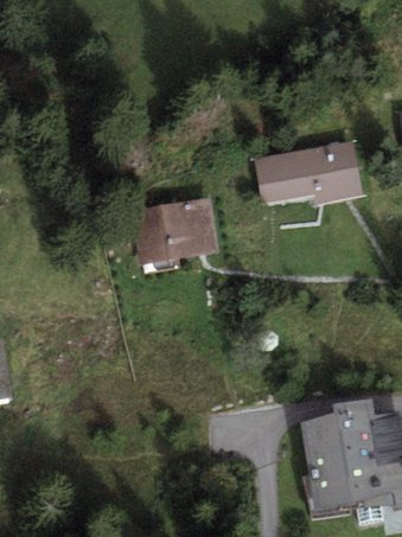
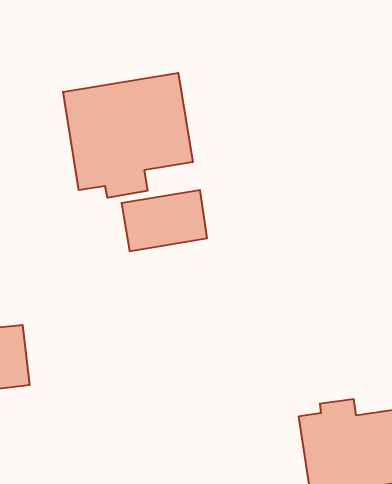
building: none -> [63,73,193,198]
building: [259,145,359,200] -> none

